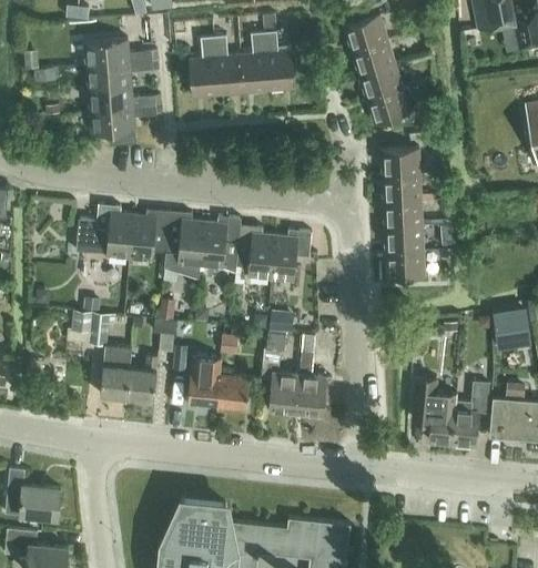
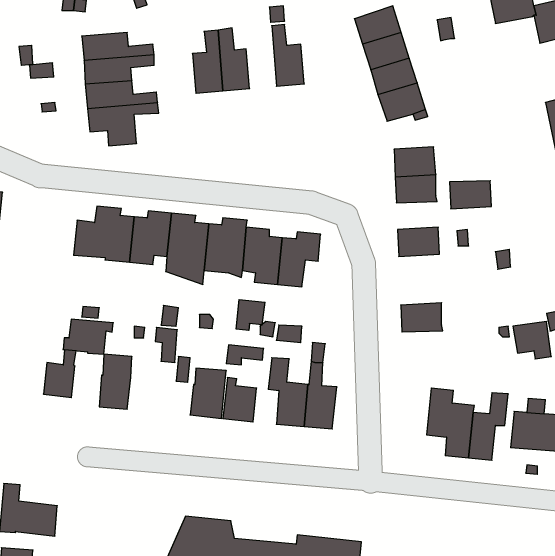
building: [240,32,268,92] -> none
building: [383,200,423,226] -> [450,181,491,209]
building: [385,250,425,277] -> [401,303,443,332]
building: none -> [236,300,265,330]
building: [126,355,158,400] -> [43,350,76,398]

